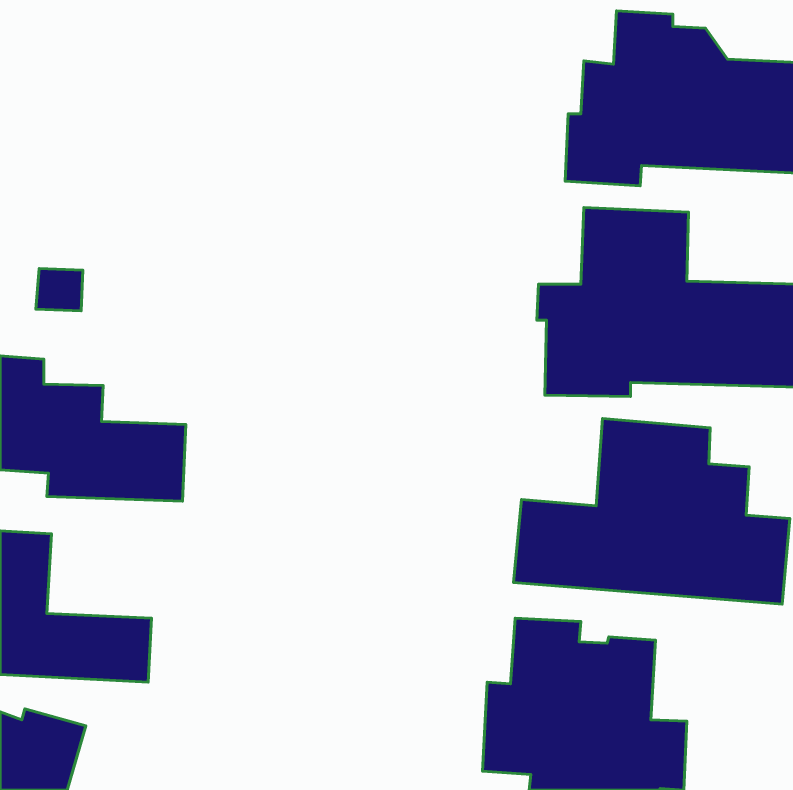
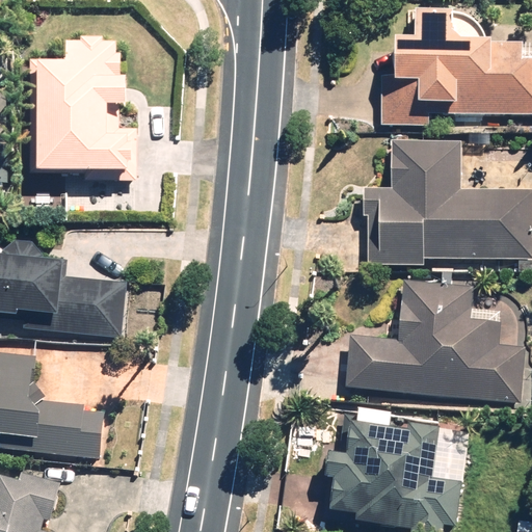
building: none -> [27,45,128,175]

